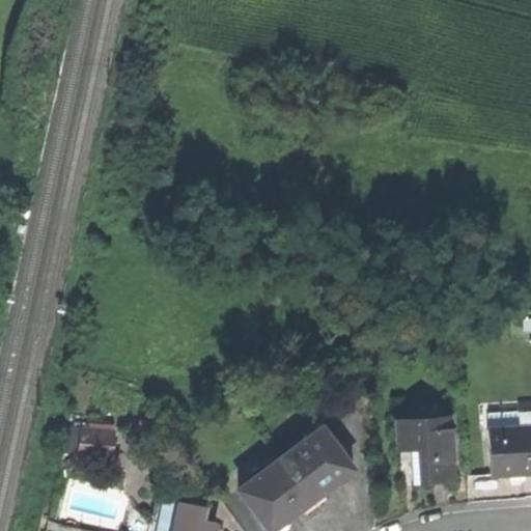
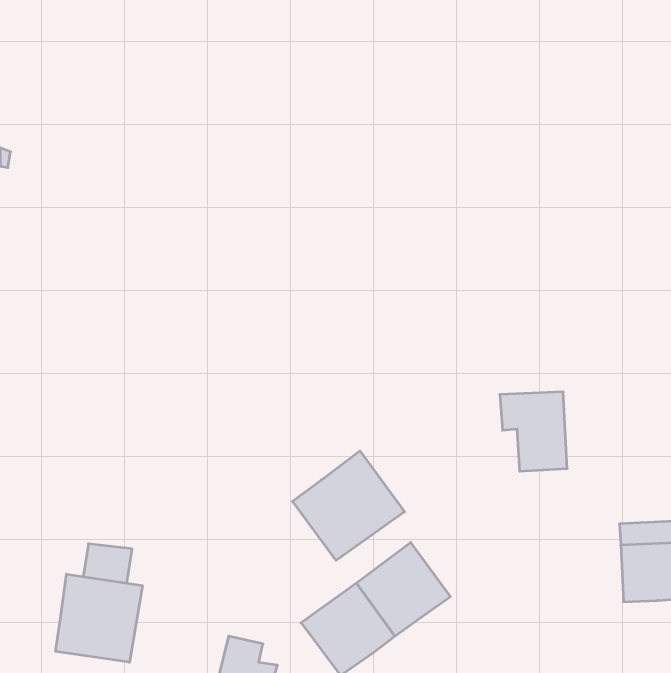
building: none -> [292,451,405,560]
building: [401,418,454,480] -> [500,392,567,471]
building: none -> [56,574,142,662]

